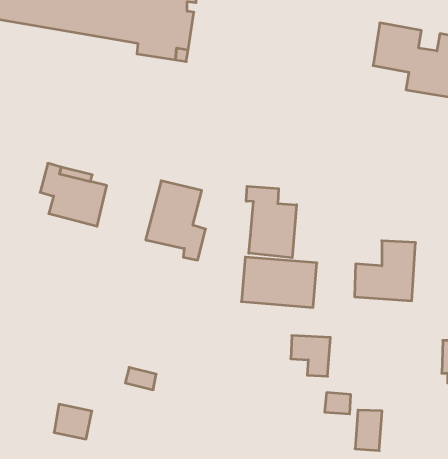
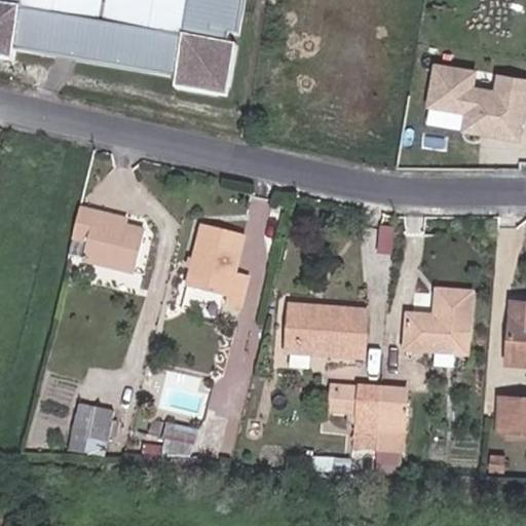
building: [246,186,297,258] -> none
building: [54,404,92,439] -> [73,403,113,440]
building: [355,410,382,451] -> [377,389,406,433]

